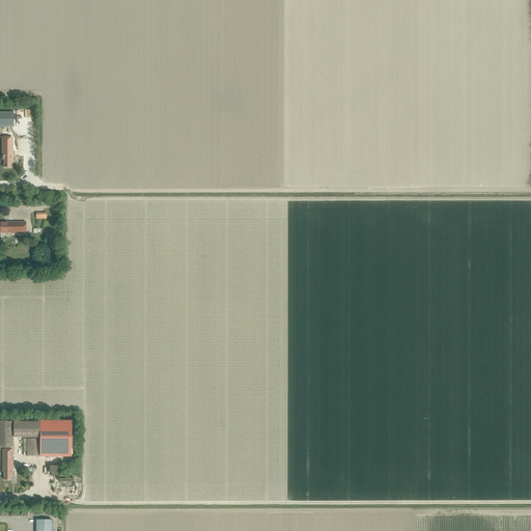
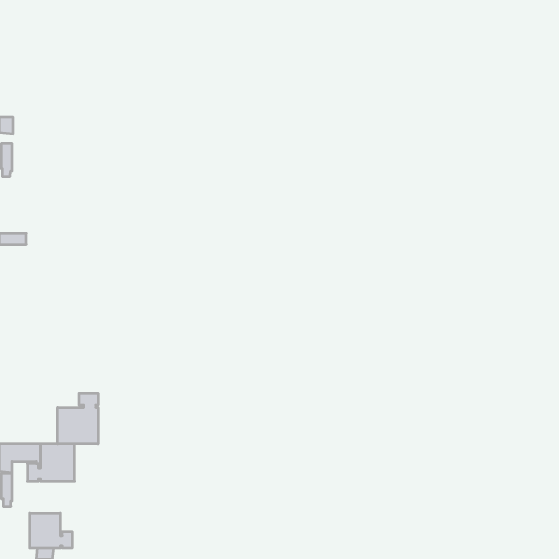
building: none -> [58,393,98,444]
building: none -> [30,513,72,548]

